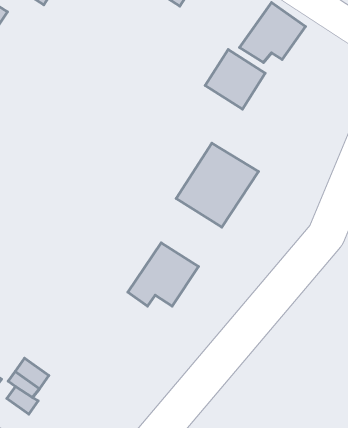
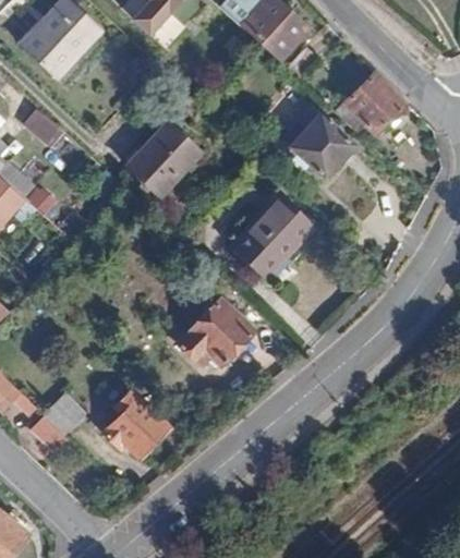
building: none -> [134,129,208,203]
building: none -> [106,395,164,454]

